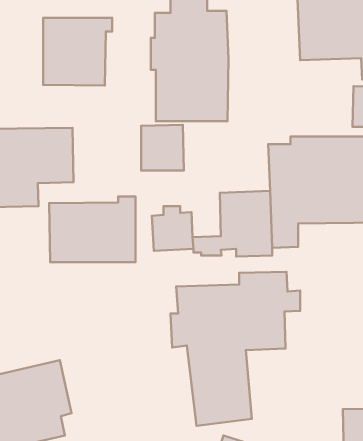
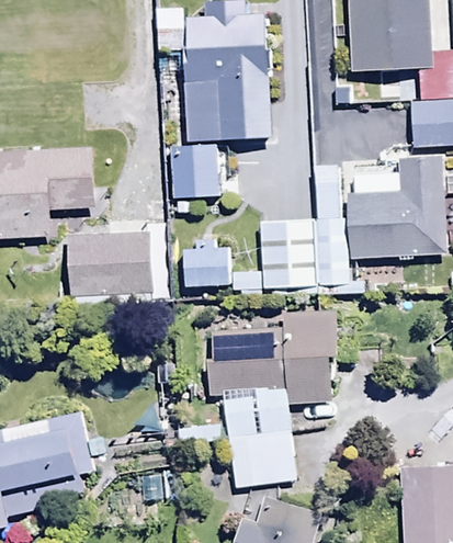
building: [43,18,112,85] -> none

